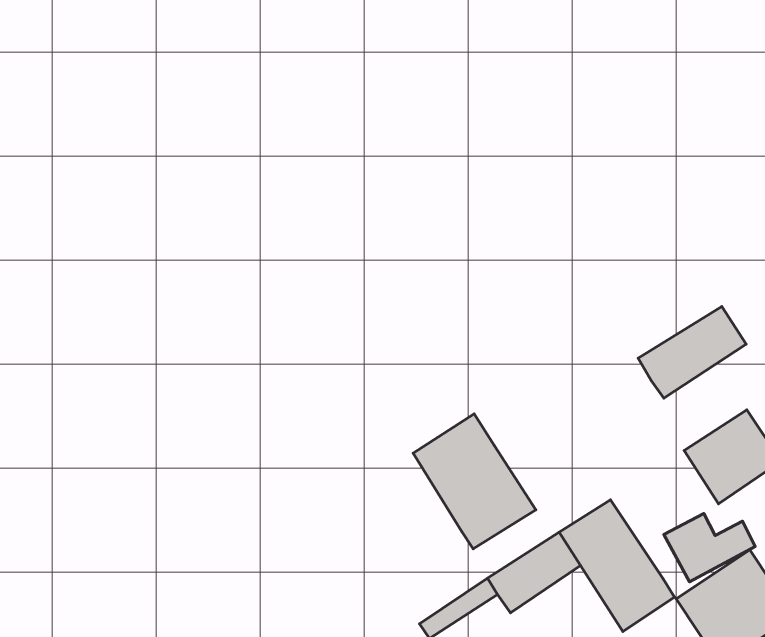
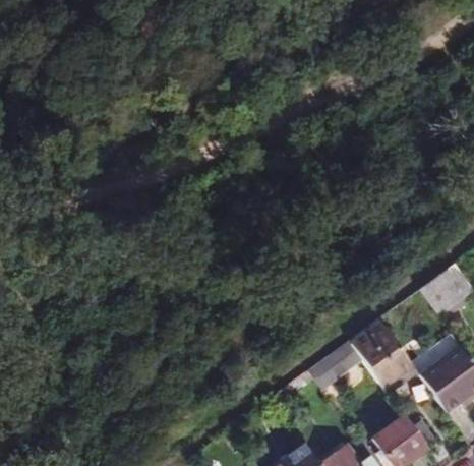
building: [638,307,746,398] -> none
building: [413,414,536,549] -> none

